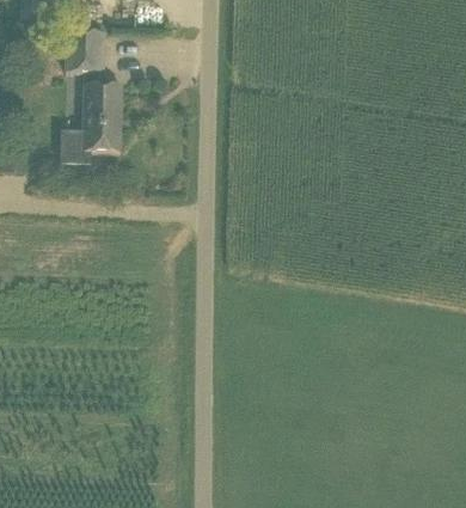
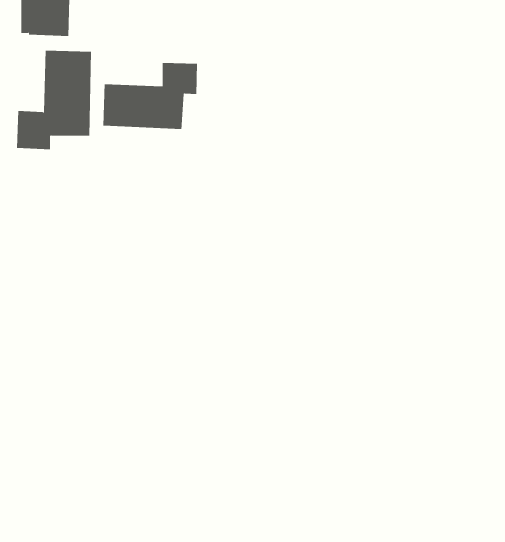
building: none -> [103,62,198,130]

